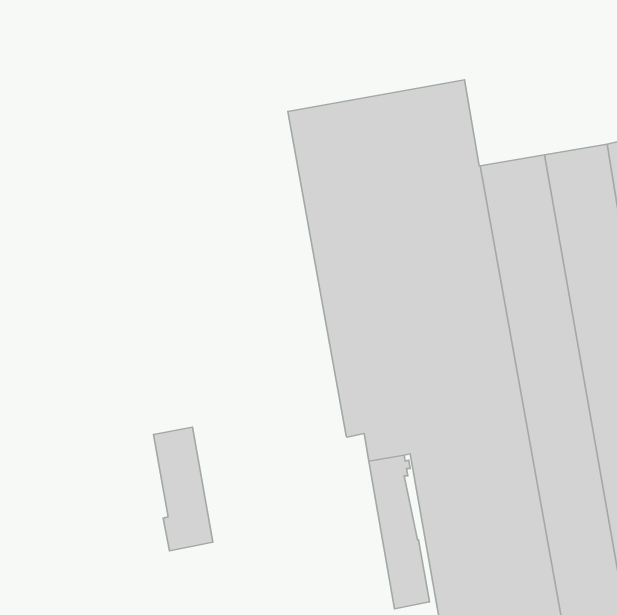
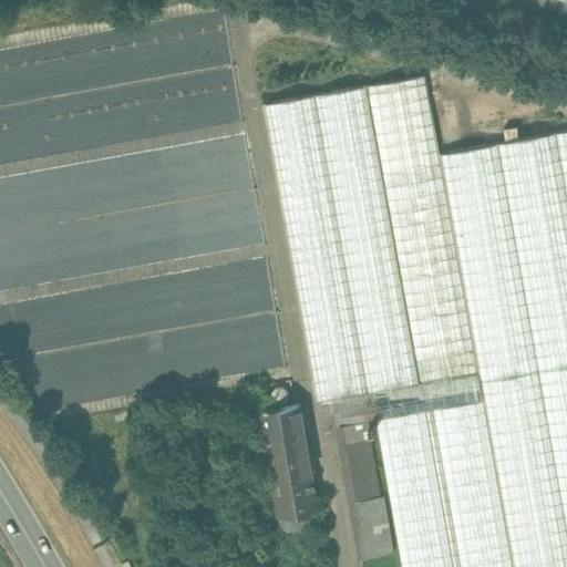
building: [154,427,213,551] -> [265,405,319,518]

